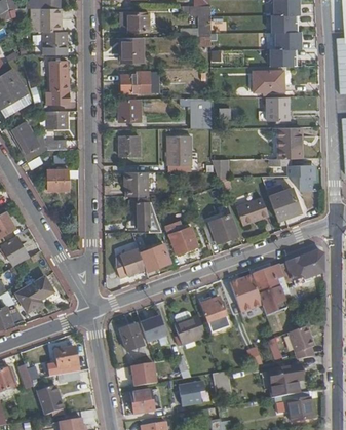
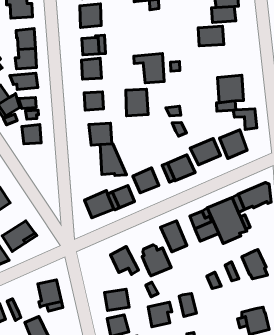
building: [265,96,285,121] -> none
building: [120,324,144,350] -> none
building: [269,363,304,396] -> none

